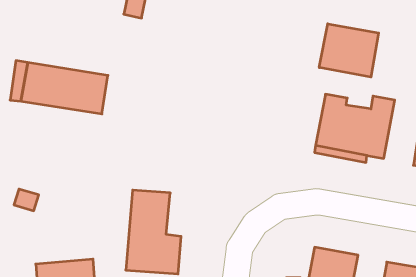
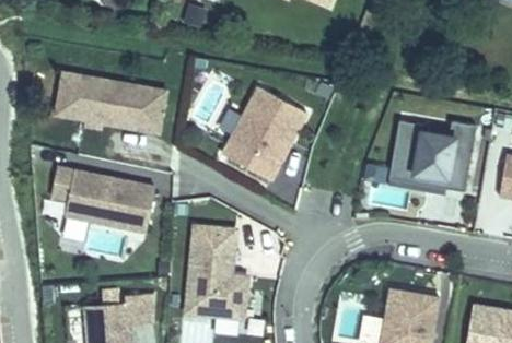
building: [319,24,379,77] -> none
building: none -> [222,93,304,185]
building: none -> [62,167,151,228]

